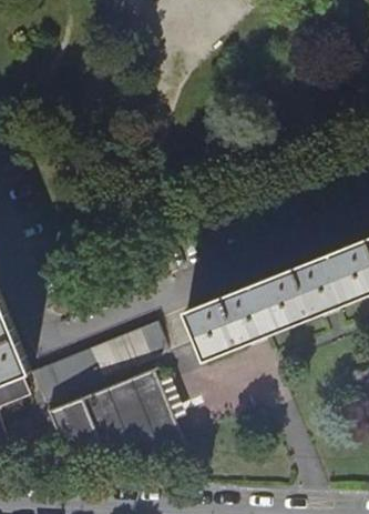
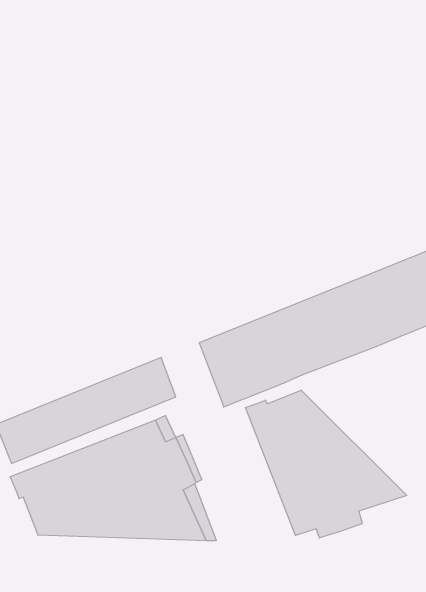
building: none -> [246,390,407,538]

